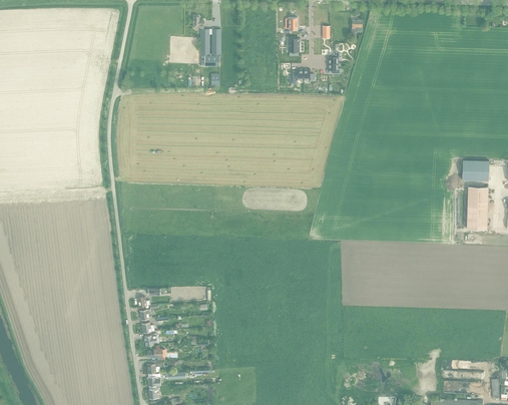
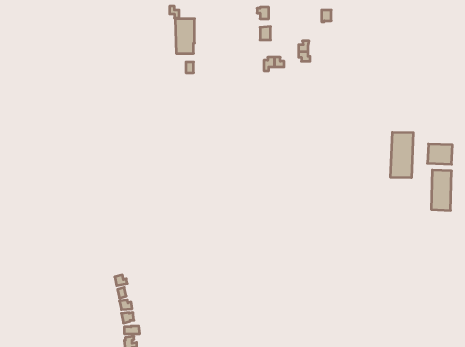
building: none -> [391,132,413,178]

